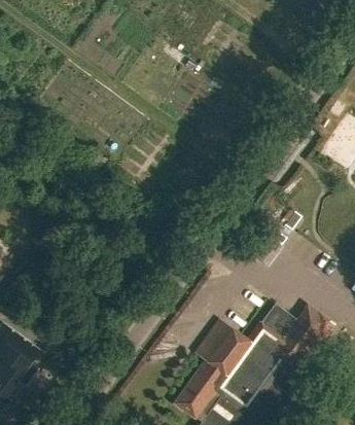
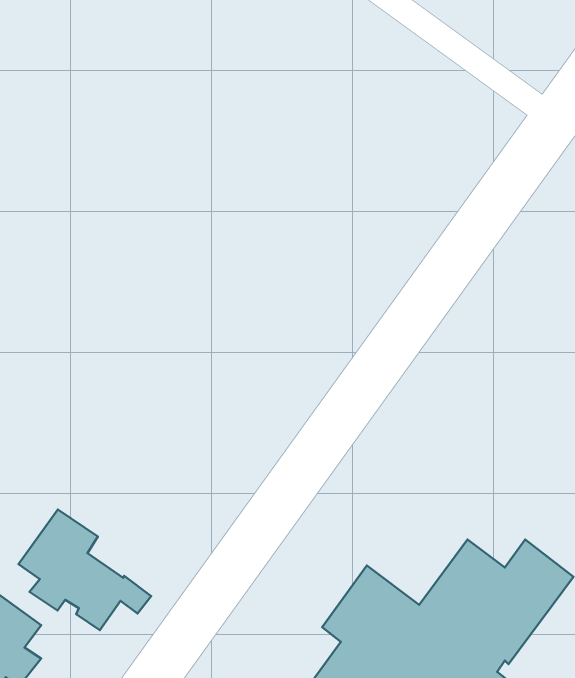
building: none -> [18,509,151,630]

